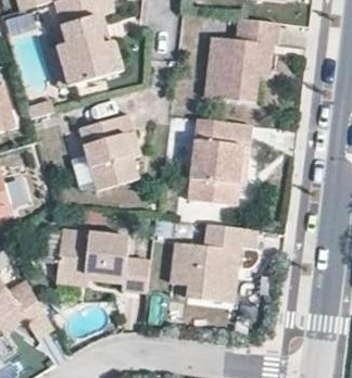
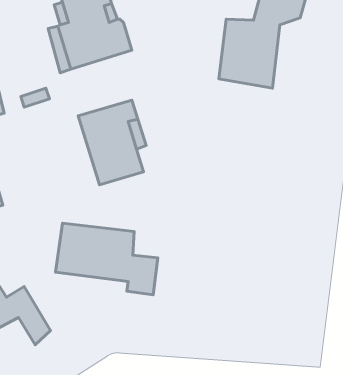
building: [188,119,244,209] -> none
building: [168,230,255,301] -> none

